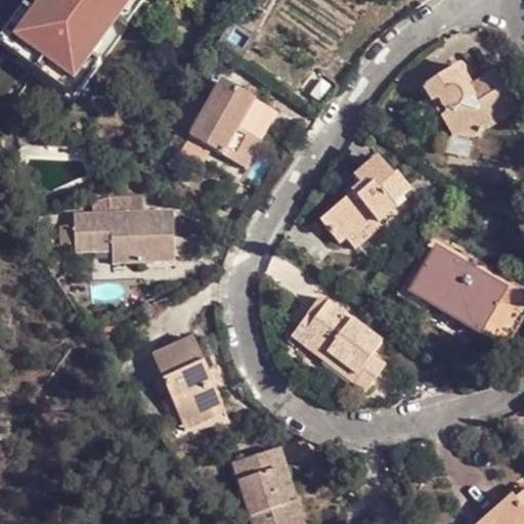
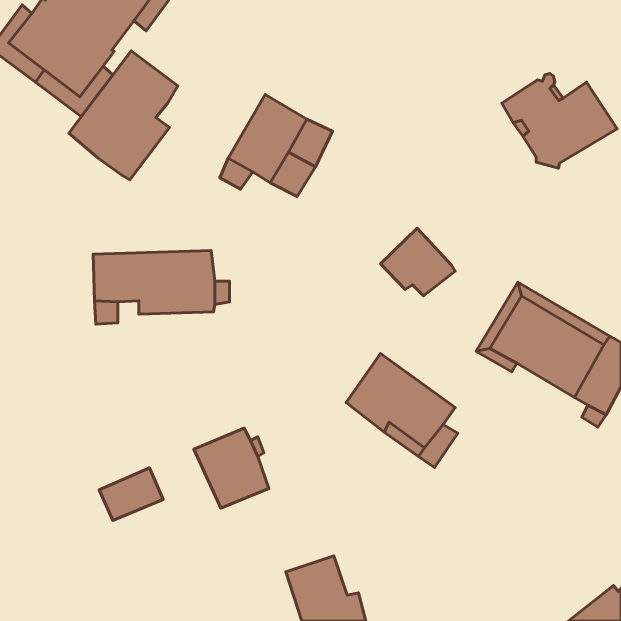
building: none -> [69,51,178,180]
building: [348,155,406,221] -> none
building: [150,331,204,375] -> [99,468,163,520]
building: [232,443,299,496] -> none

